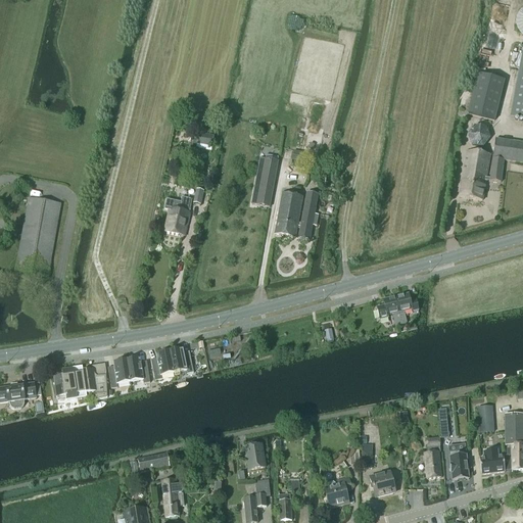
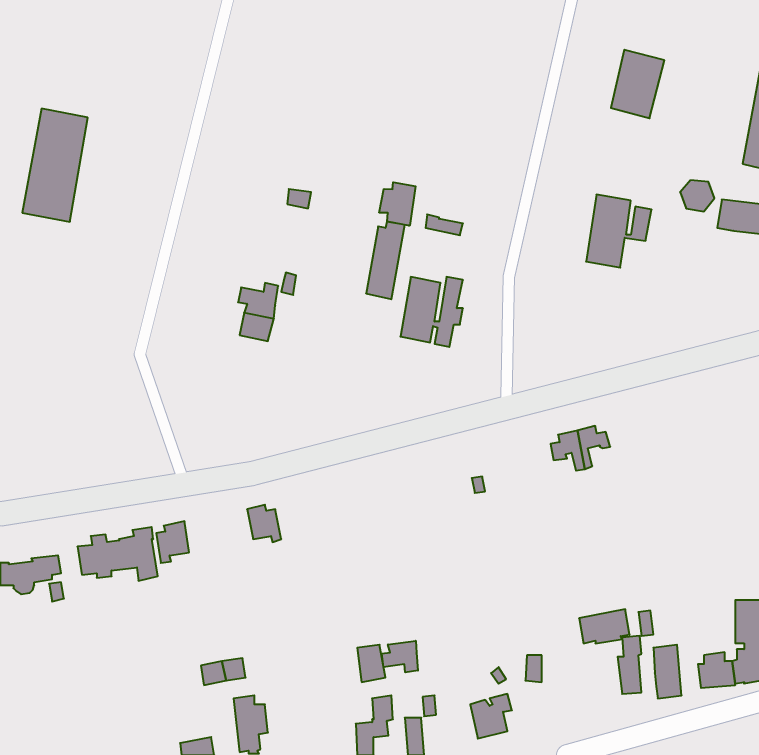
building: [469,72,506,118] -> [611,50,664,118]
building: none -> [379,182,416,226]
building: [460,148,505,198] -> [586,195,652,268]
building: [16,196,61,274] -> [22,109,88,222]
building: [151,349,175,378] -> none
building: [128,356,150,381] -> none
building: [478,403,494,431] -> none
building: none -> [382,641,418,672]
building: [366,469,400,492] -> [579,609,630,643]

